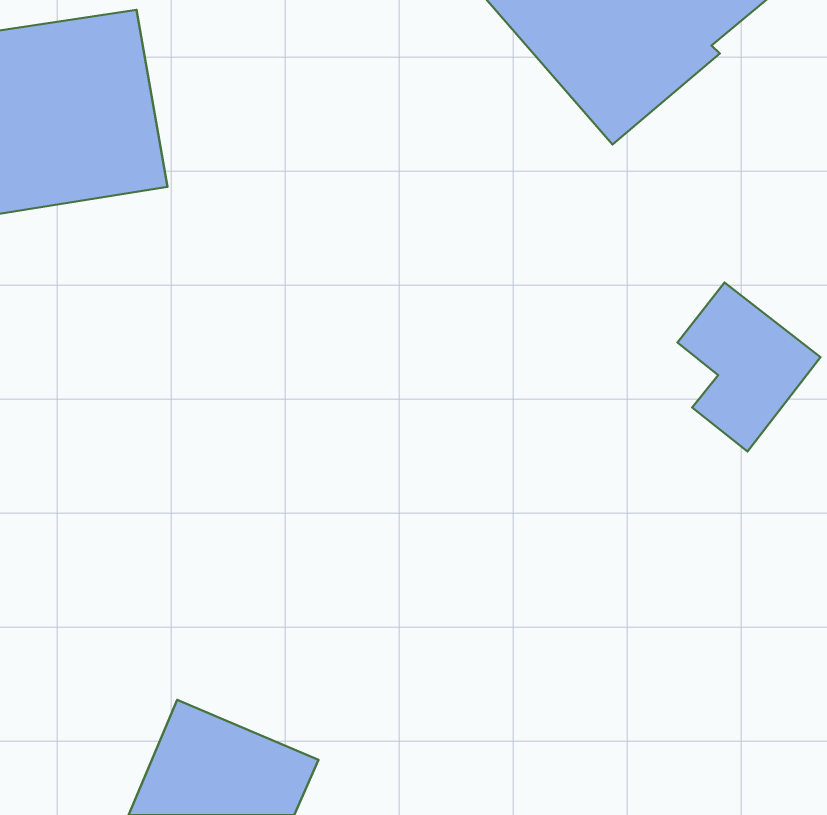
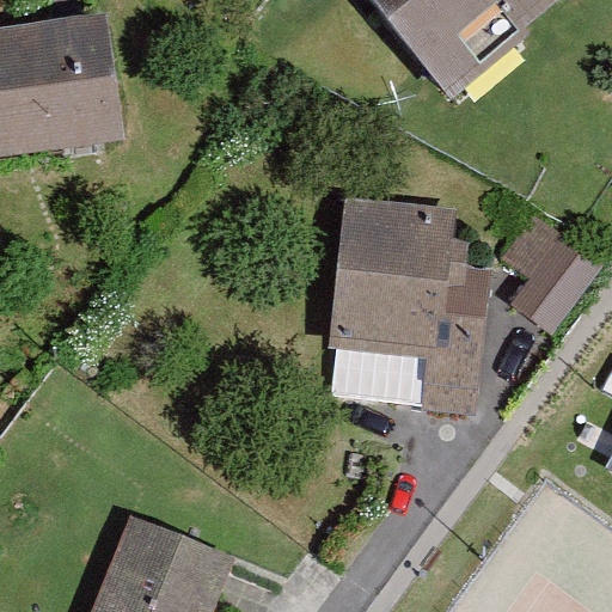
building: none -> [329,198,490,410]

